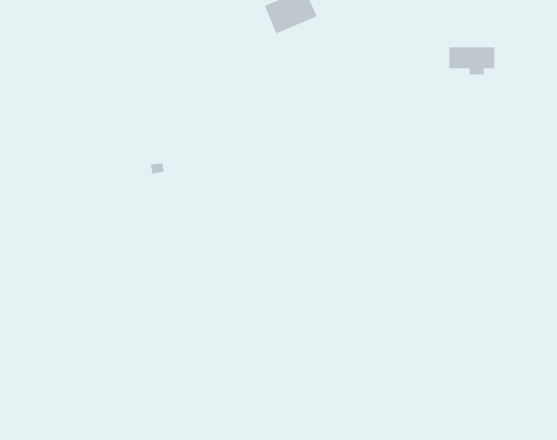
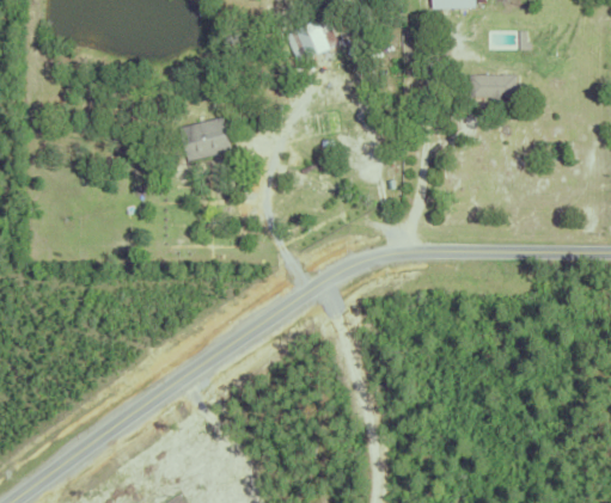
building: none -> [181,117,231,160]

